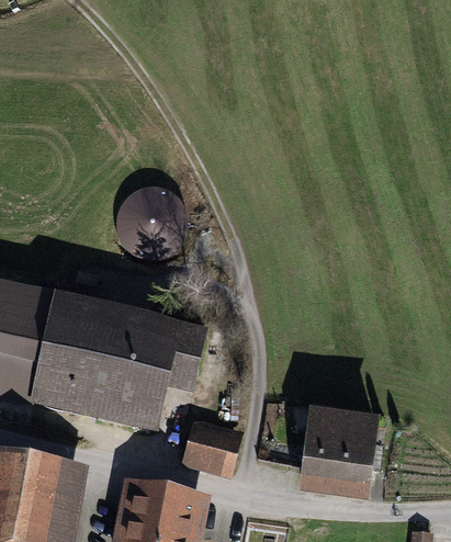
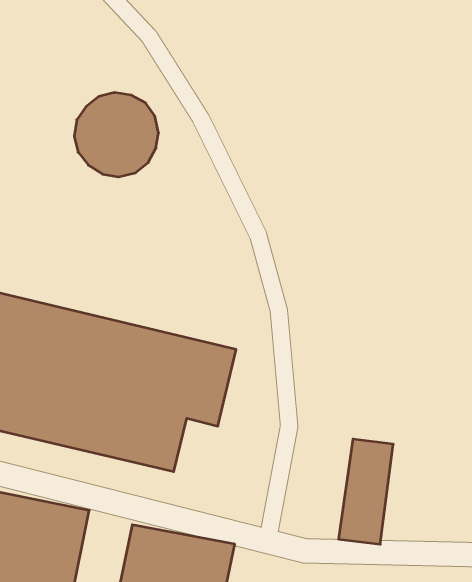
building: [116,184,188,256] -> [74,93,159,177]
building: [334,409,381,498] -> none
building: [181,417,245,477] -> none

